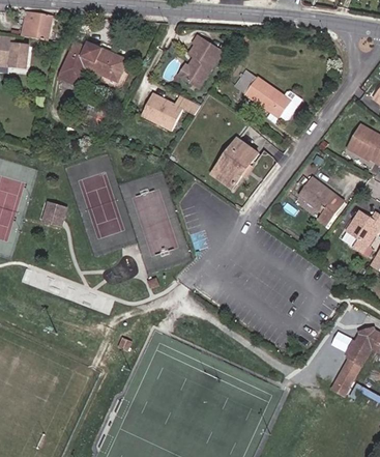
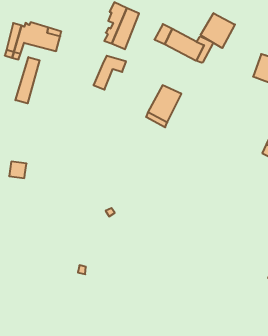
building: none -> [201,13,235,48]
building: none -> [15,57,40,103]
building: [139,95,172,128] -> none
building: [303,176,350,223] -> none

